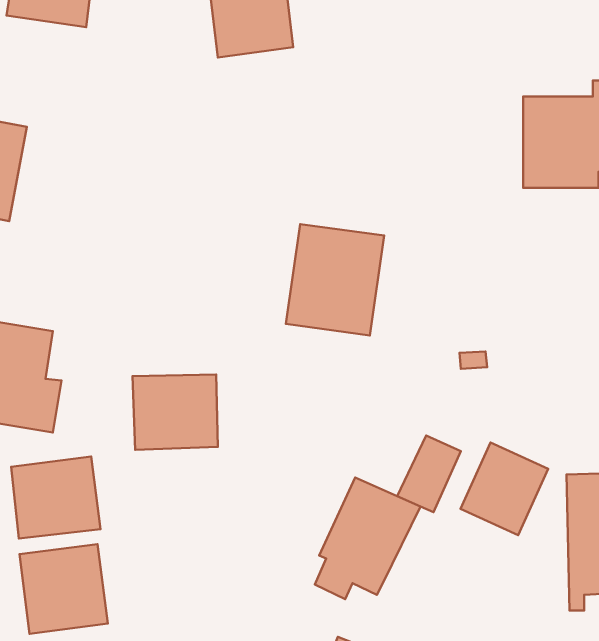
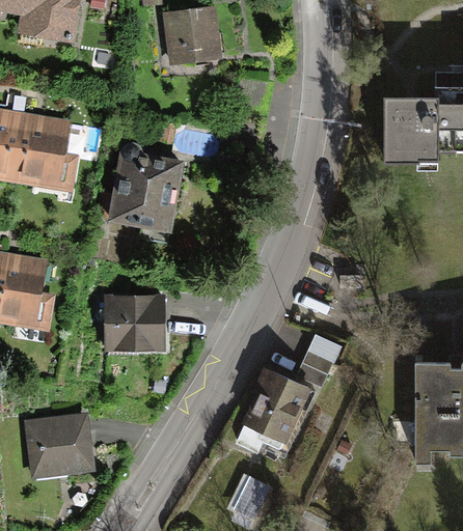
building: none -> [17,114,78,192]
building: [286,224,384,336] -> [112,150,183,230]
building: [461,442,548,535] -> none
building: [11,457,101,538] -> none

